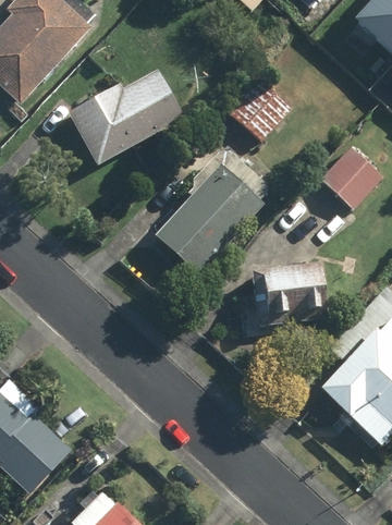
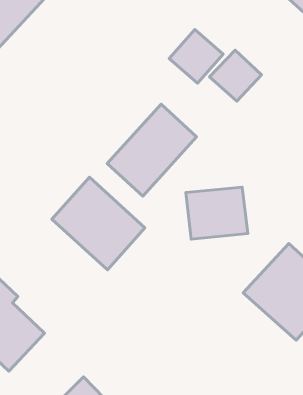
building: [65,70,183,167] -> none
building: [321,147,383,208] -> [210,50,262,101]
building: none -> [52,177,145,270]

